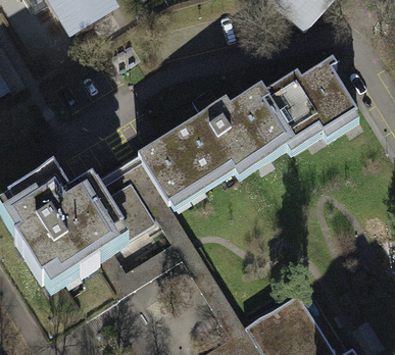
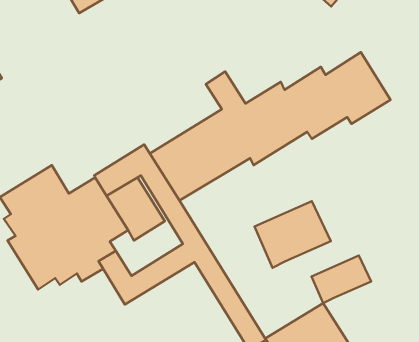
building: none -> [254,201,331,268]
building: none -> [311,256,371,303]

